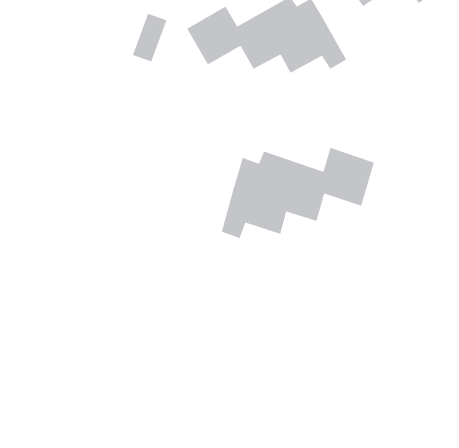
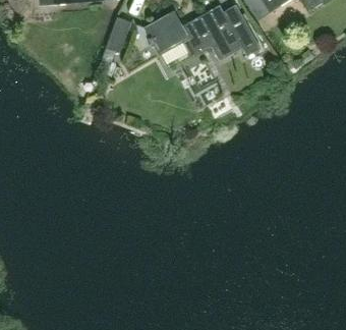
building: [221,147,375,239] -> none

